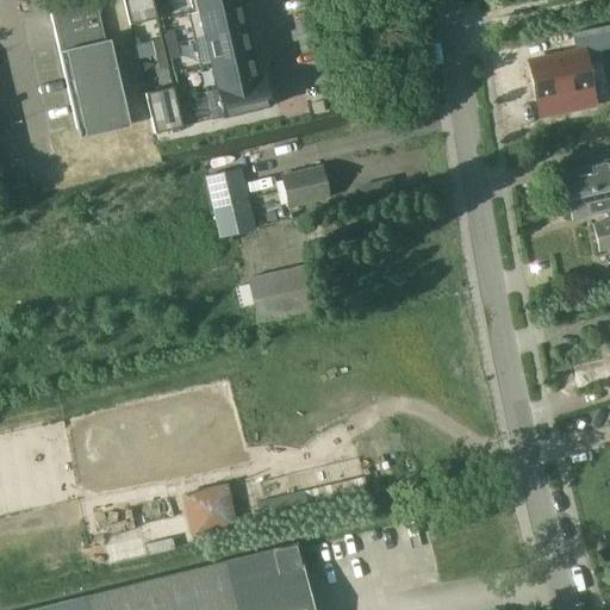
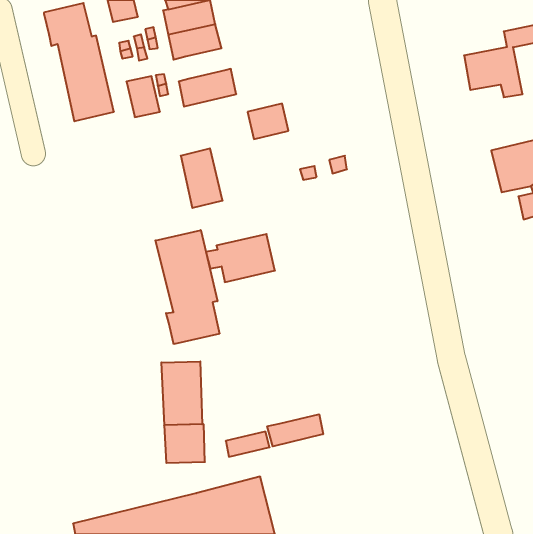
building: [212,55,259,89] -> none
building: [282,167,329,207] -> [248,104,288,139]
building: none -> [155,230,219,344]
building: none -> [161,361,202,425]
building: none -> [267,414,323,446]

